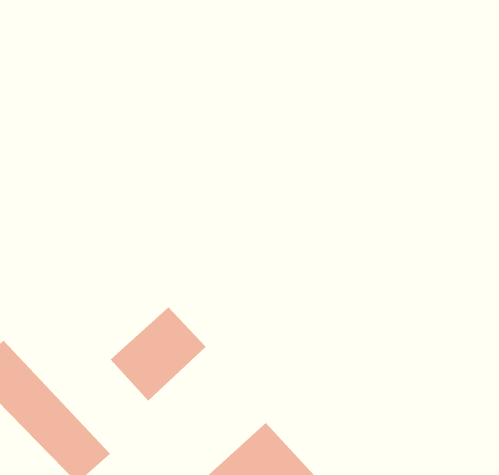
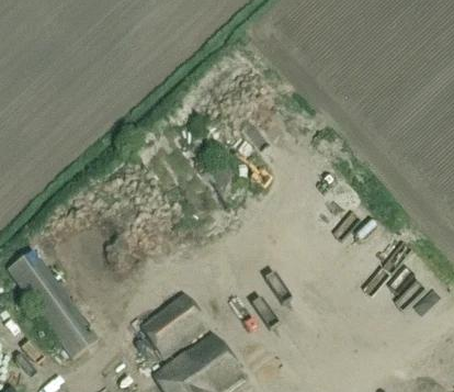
building: [110,307,207,401] -> [140,293,209,358]

